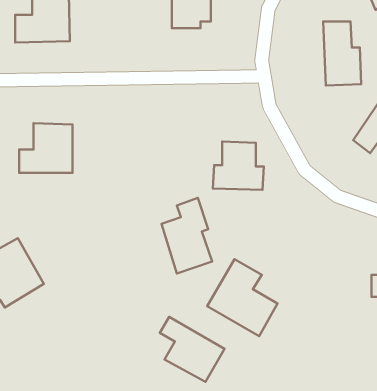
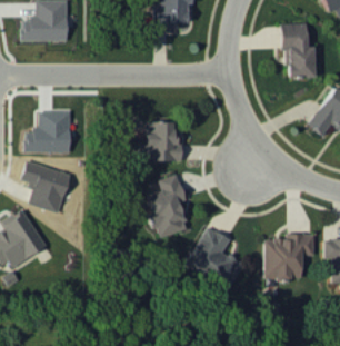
building: [213,142,264,190] -> [139,121,182,162]
building: none -> [20,160,70,214]
building: none -> [264,234,314,279]
building: [160,317,225,382] -> none

